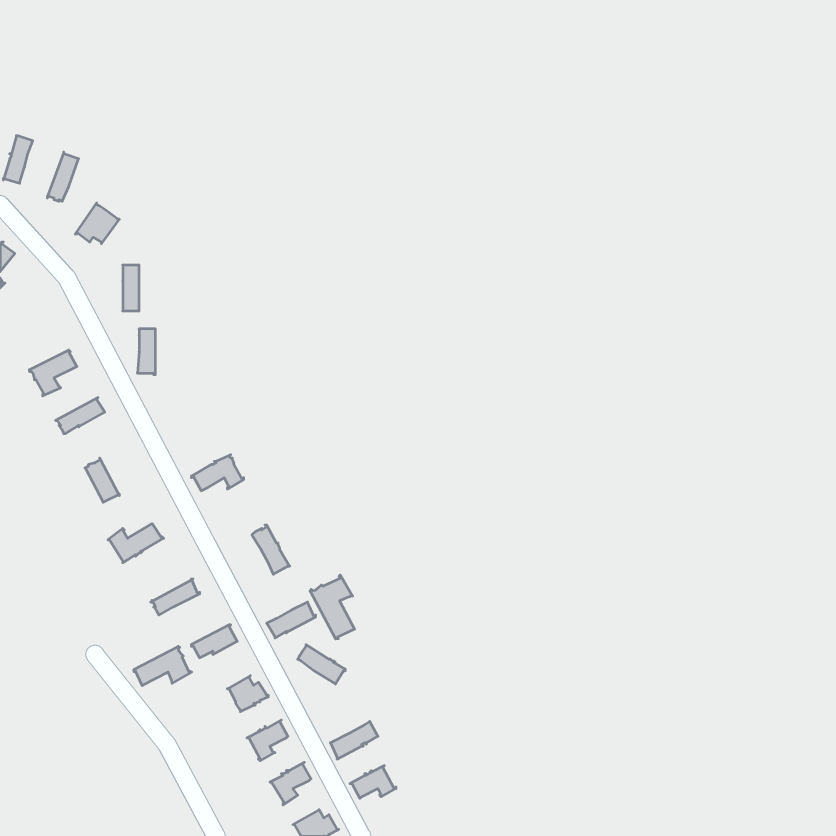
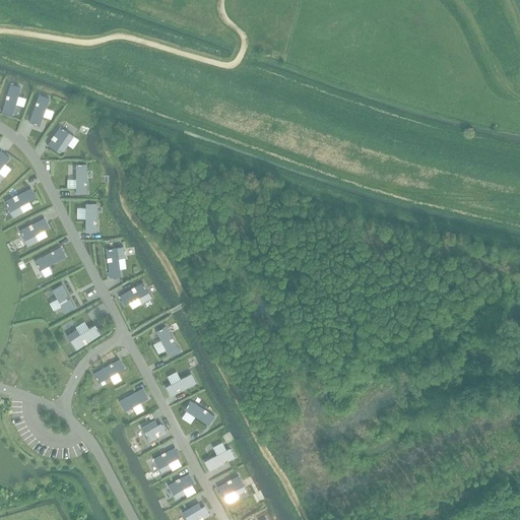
building: none -> [5,188,35,217]
building: none -> [106,247,125,278]
building: [310,575,355,639] -> none
building: [134,646,192,686] -> none

